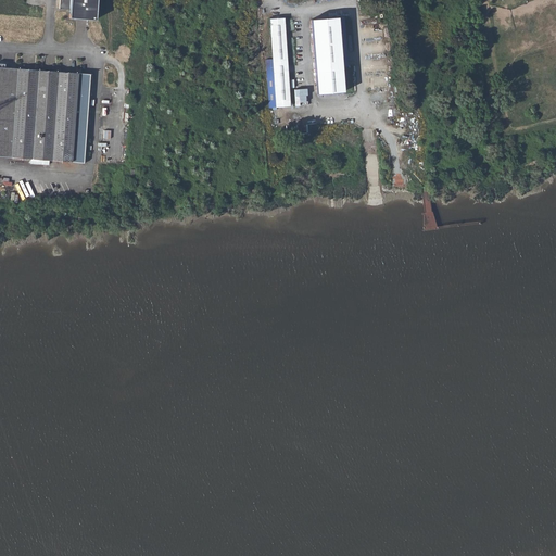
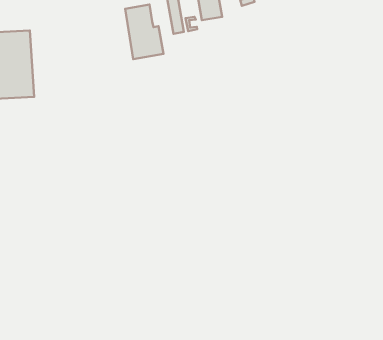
building: none -> [125,5,164,59]

